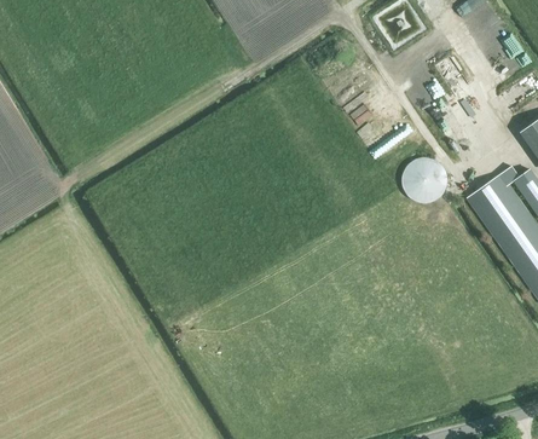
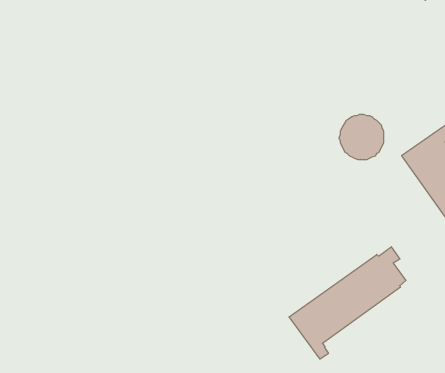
building: none -> [289,247,406,359]

